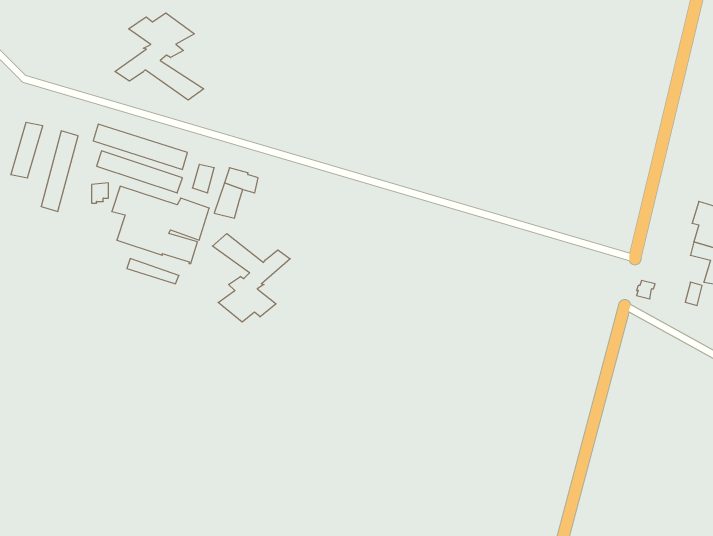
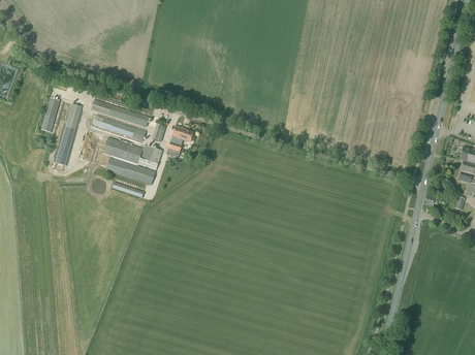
building: [115,13,204,100] -> none
building: [212,234,290,322] -> none

